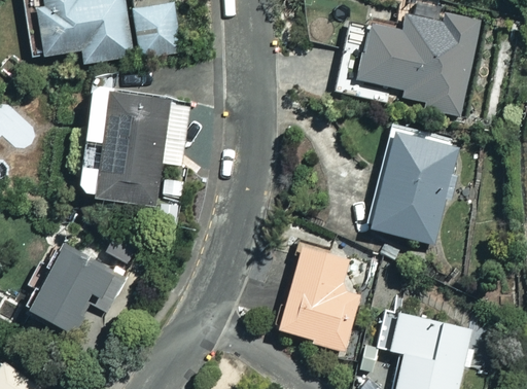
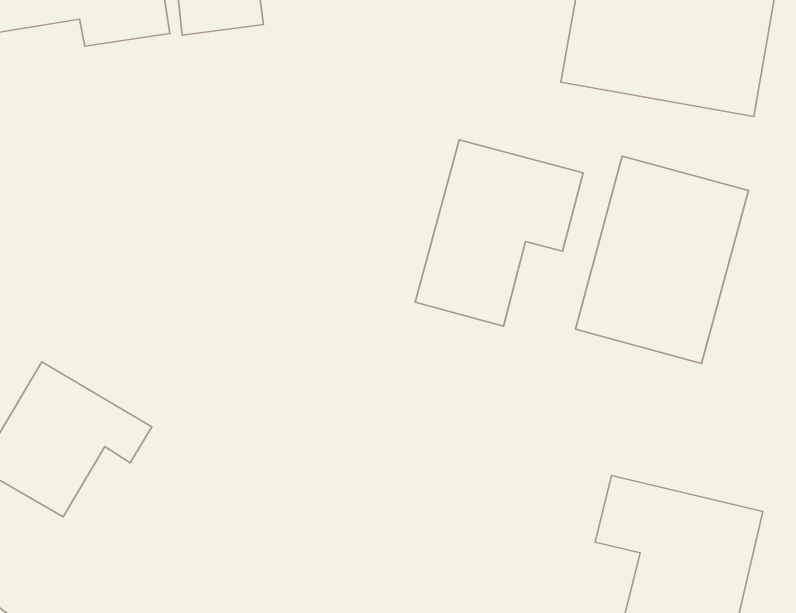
building: [75,85,170,205] -> none
building: none -> [415,140,583,326]
building: [276,245,362,351] -> none

